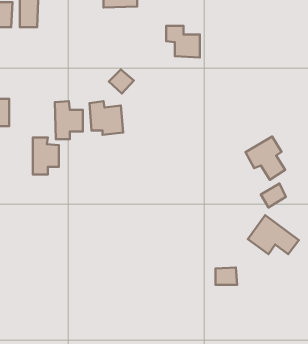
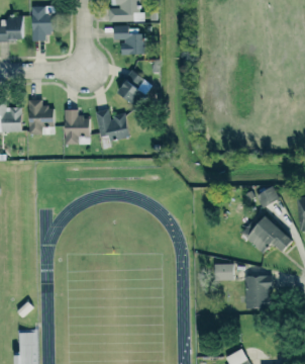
building: [166,26,200,57] -> [114,26,145,56]
building: [245,136,285,180] -> none
building: [33,138,59,175] -> [29,100,54,134]
building: none -> [245,276,272,308]

